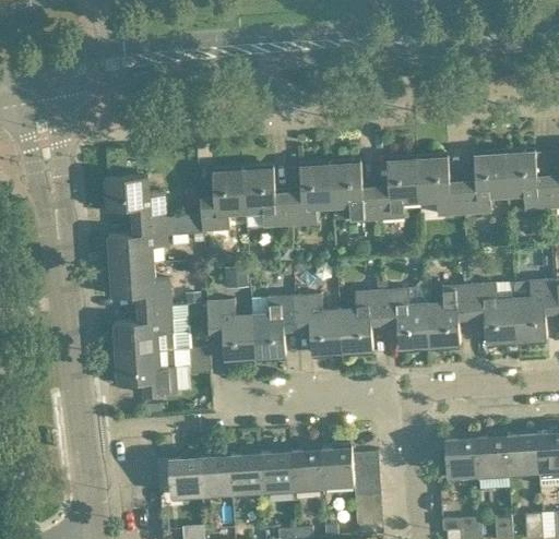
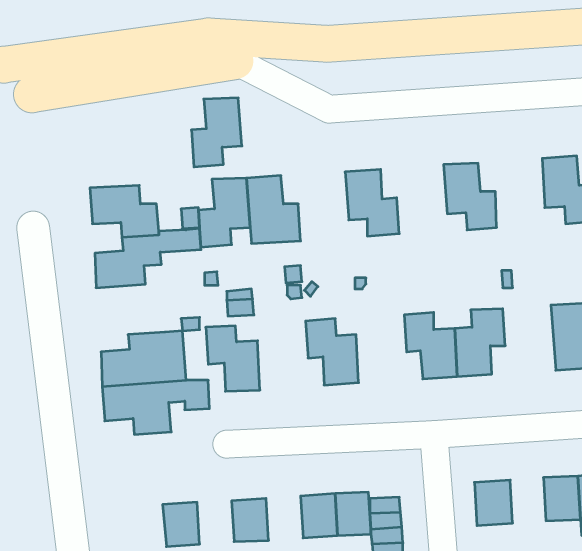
building: [463,153,507,214] -> none
building: [376,158,420,219] -> none
building: [288,165,333,226] -> [191,98,242,167]
building: [109,264,170,309] -> none
building: [469,283,516,343] -> none
building: [340,291,384,351] -> none
building: [252,297,297,358] -> none
building: [476,435,508,476] -> none
building: [260,452,293,491] -> none
building: [199,456,231,494] -> none

